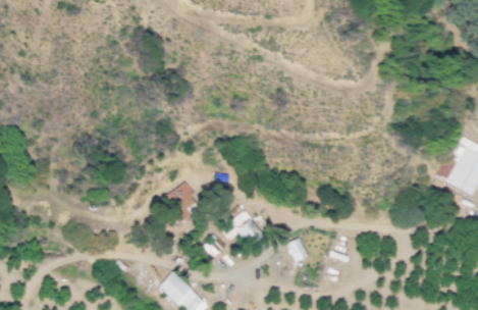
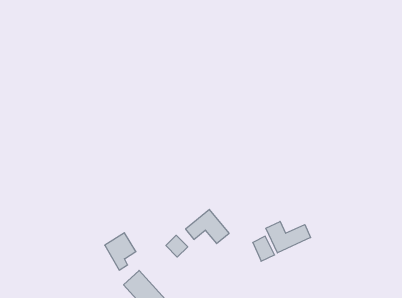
building: [167,183,198,219] -> [105,233,136,270]
building: none -> [266,221,311,253]

